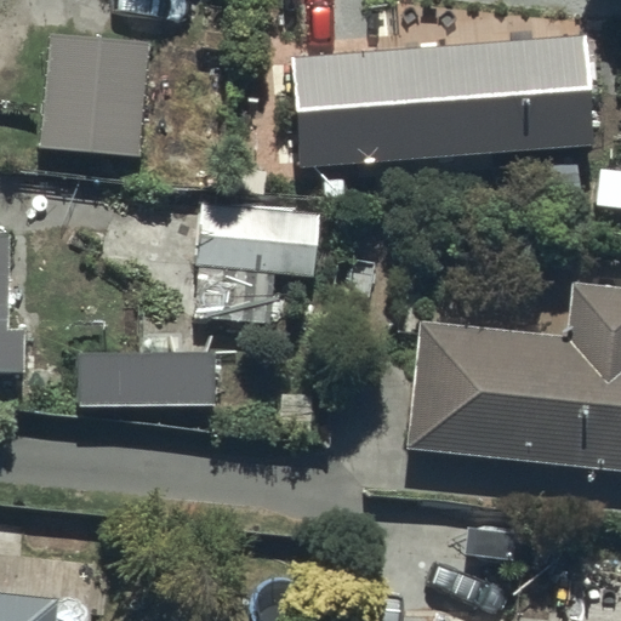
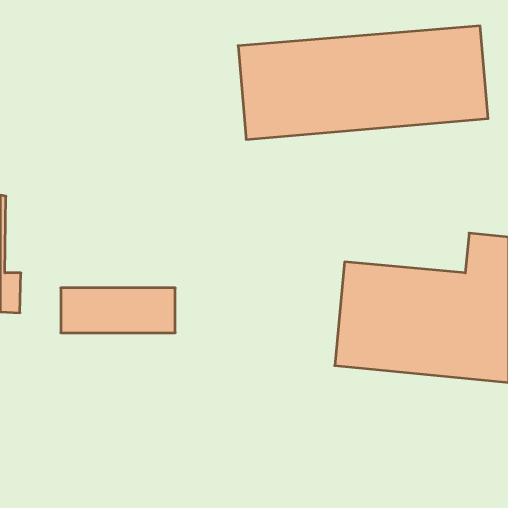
building: [41,36,149,154] -> none
building: [193,209,308,320] -> none

